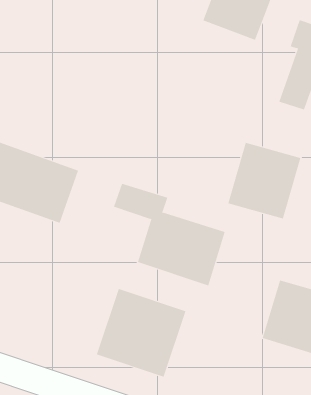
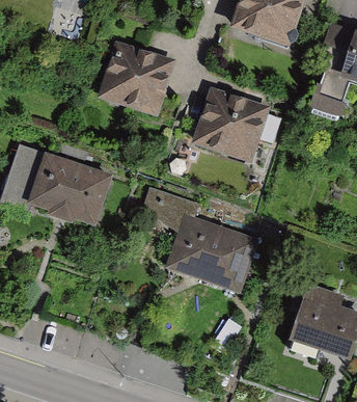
building: none -> [99,42,172,117]
building: [227,142,301,219] -> [193,84,267,161]
building: [96,288,186,377] -> none

